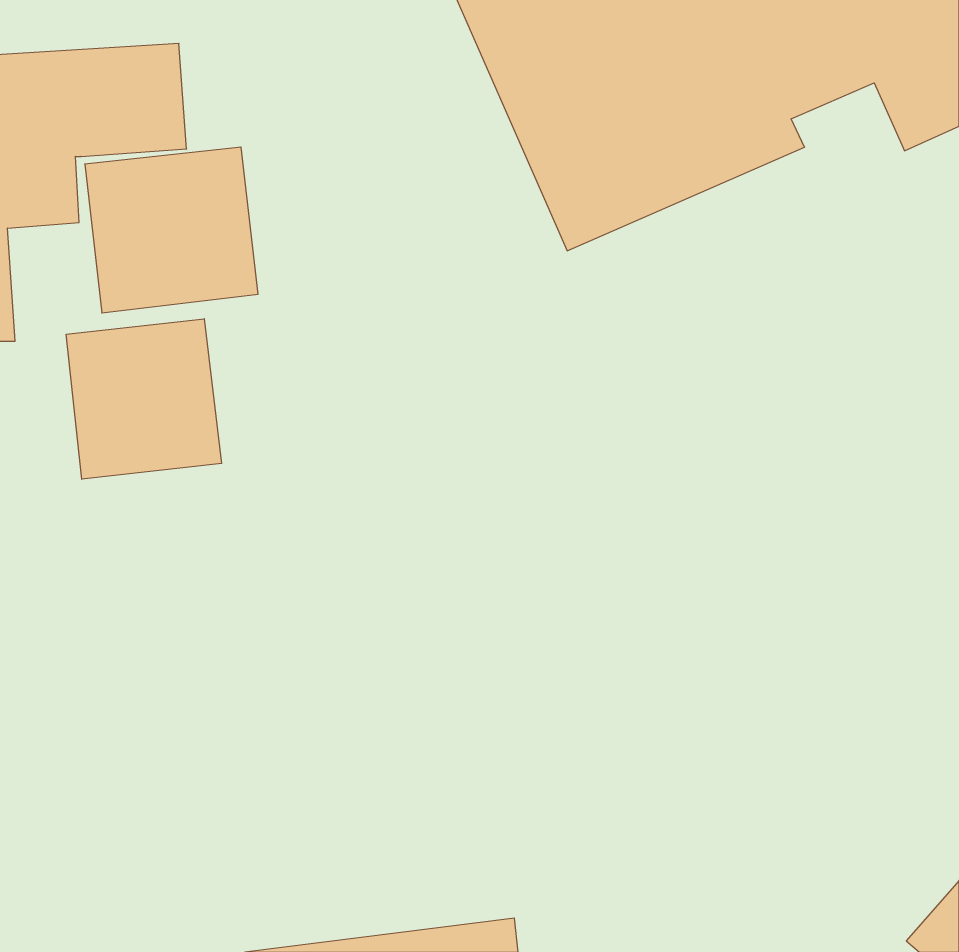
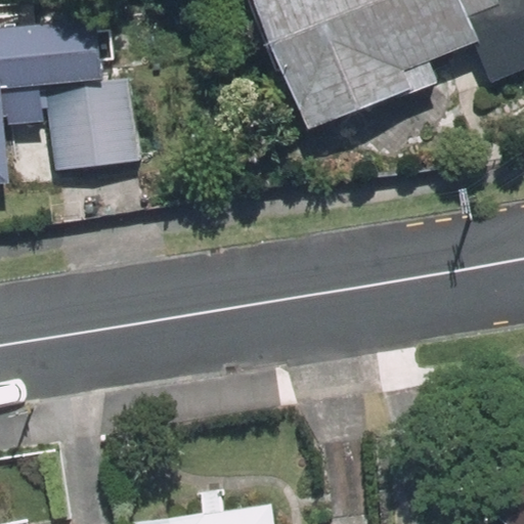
building: [66,319,222,479] -> none

